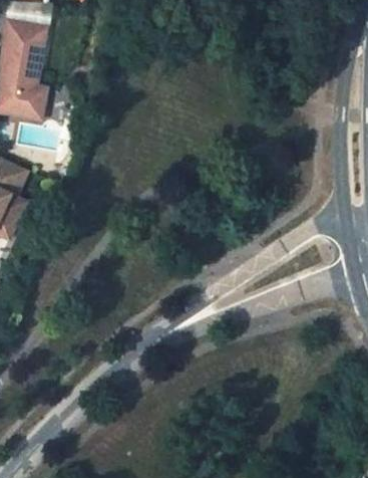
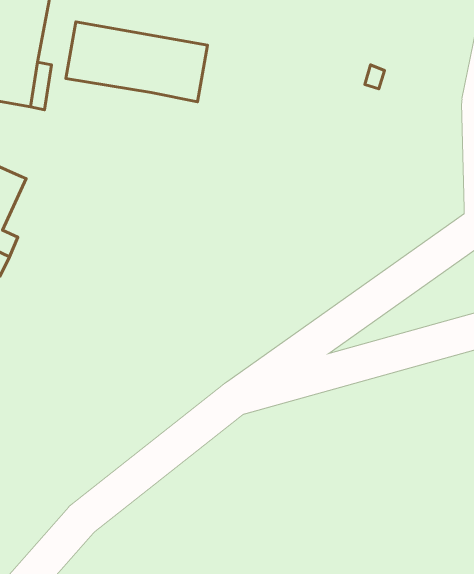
building: none -> [66,22,207,102]

